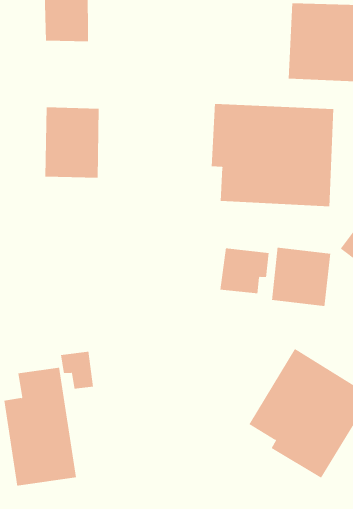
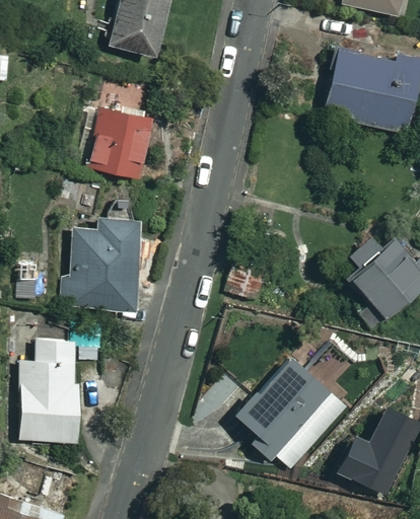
building: [211,103,334,207] -> none
building: none -> [72,215,140,309]
building: [271,247,331,307] -> none

